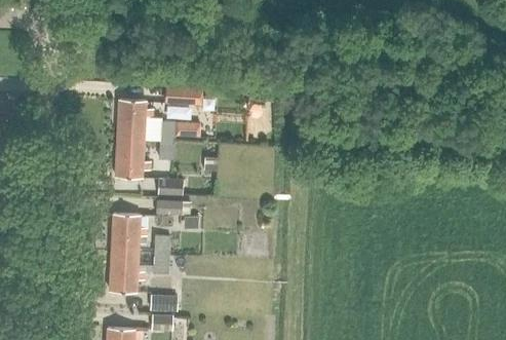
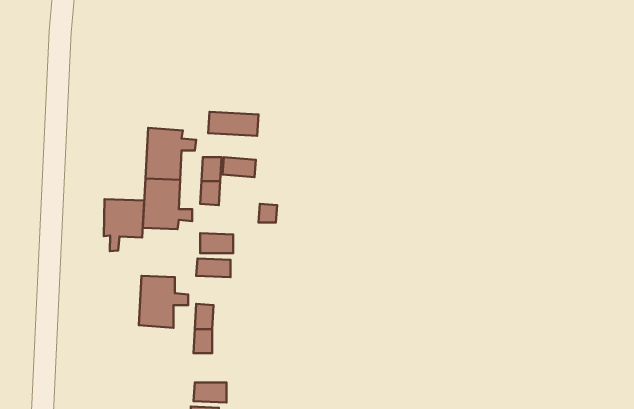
building: none -> [104,199,144,251]
building: [109,252,147,292] -> none

